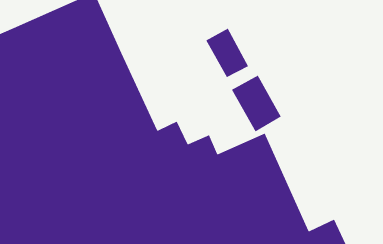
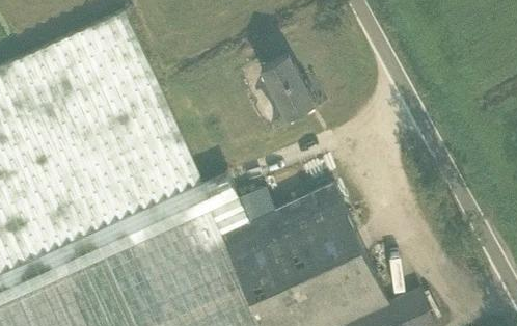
building: [231,74,282,133] -> none

